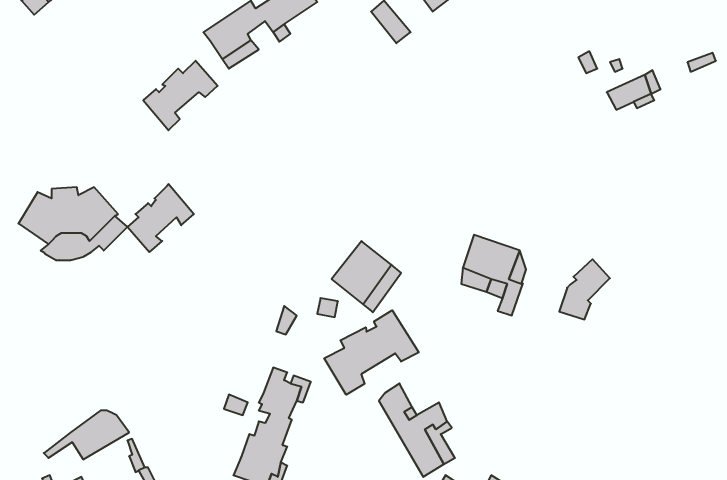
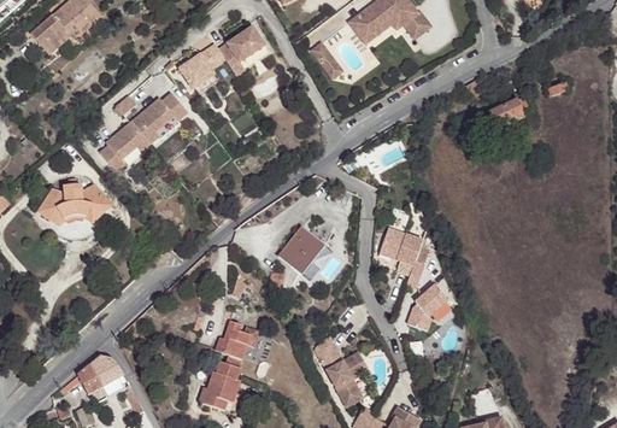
building: [127,184,194,252] -> [102,118,153,170]
building: [559,259,610,319] -> [406,279,445,324]
building: [324,310,419,395] -> none

